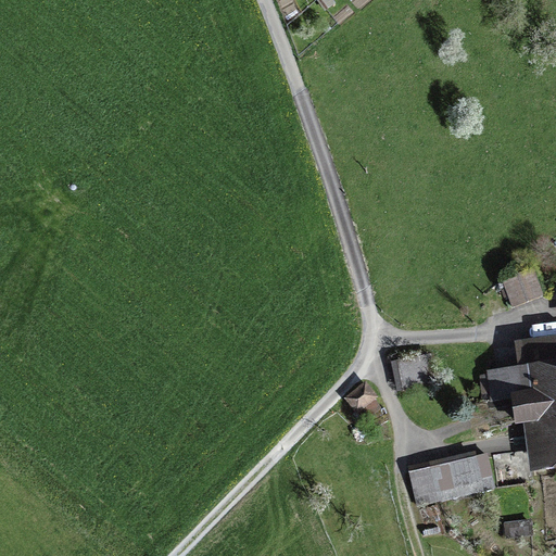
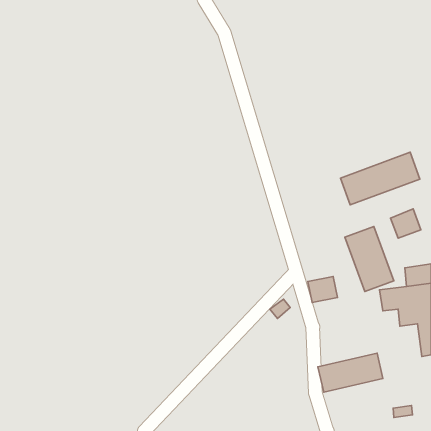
building: none -> [340,152,420,205]
building: none -> [345,226,394,292]

